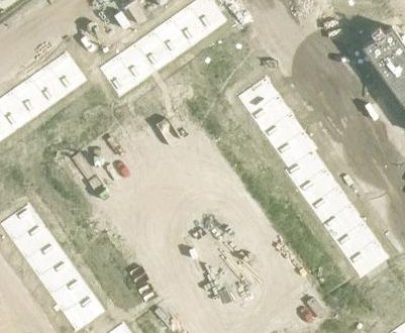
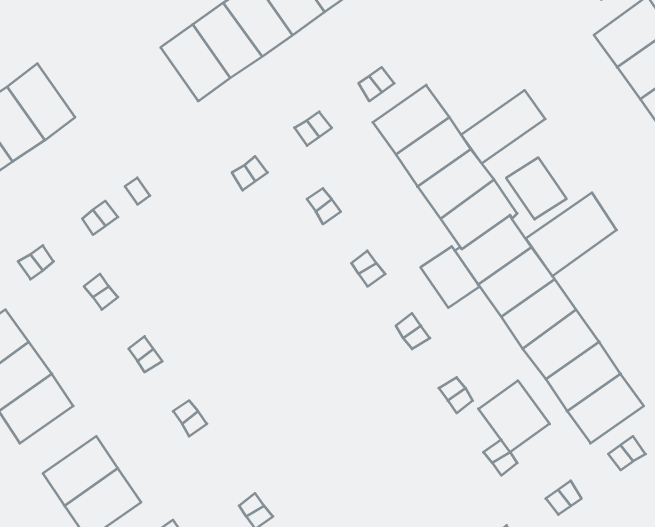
building: [46,49,87,93] -> none
building: [98,53,137,97] -> none
building: none -> [461,90,545,163]
building: none -> [506,158,566,219]
building: none -> [526,193,617,276]
building: none -> [421,246,480,308]
building: none -> [478,381,550,452]
building: [36,256,80,295] -> none

